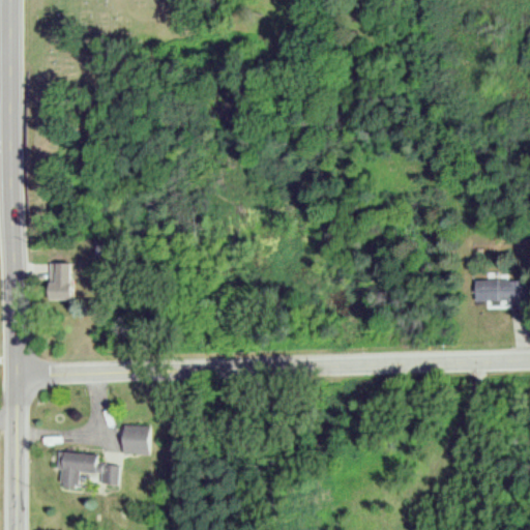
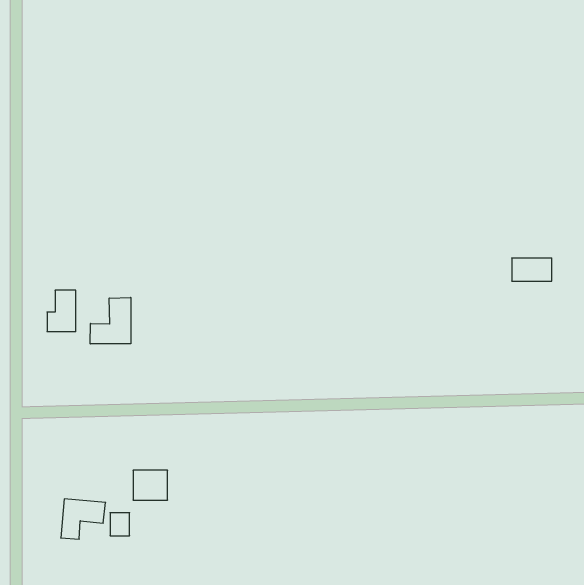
building: none -> [90,297,131,344]
building: [474,281,510,301] -> [512,258,552,281]

